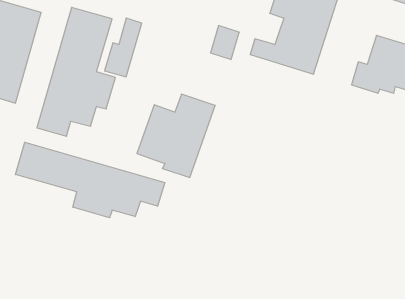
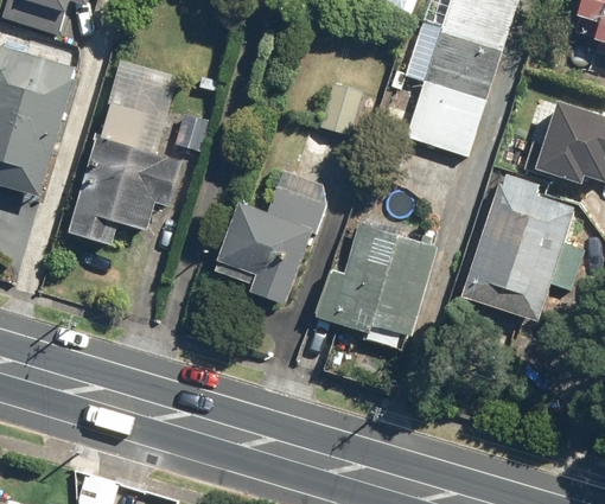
building: none -> [461,172,585,323]
building: none -> [314,222,439,336]
building: [15,142,165,218] -> none

